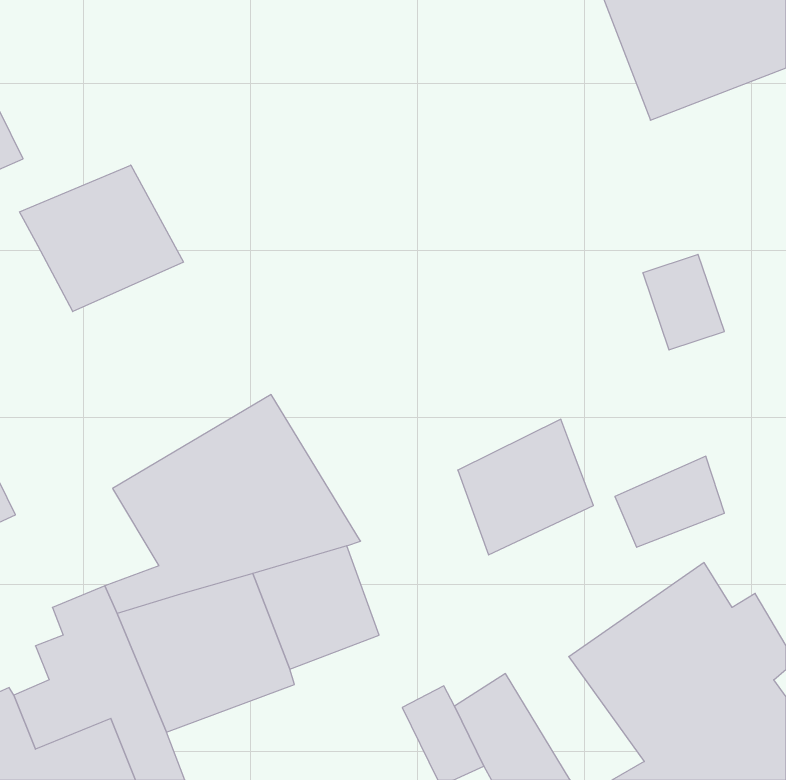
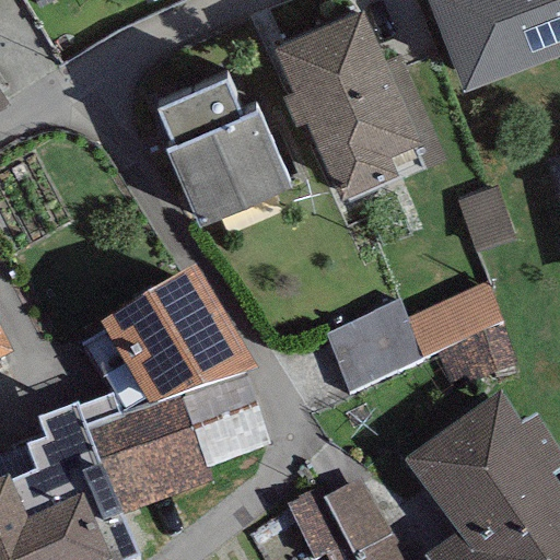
building: none -> [272,5,443,198]
building: none -> [155,72,291,223]
building: [20,165,183,312] -> none
building: none -> [406,282,501,359]

